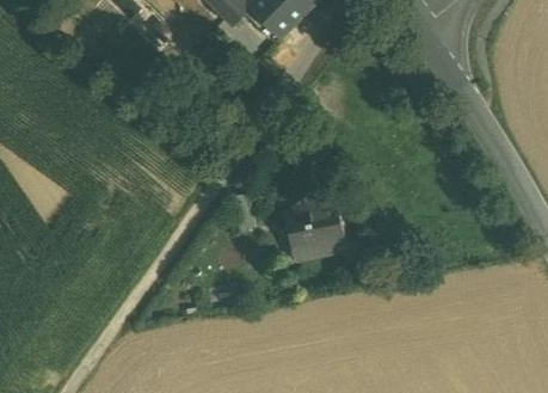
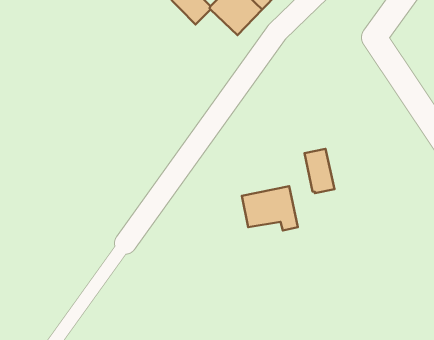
building: none -> [305,149,335,193]

